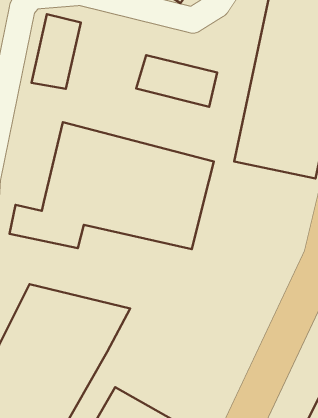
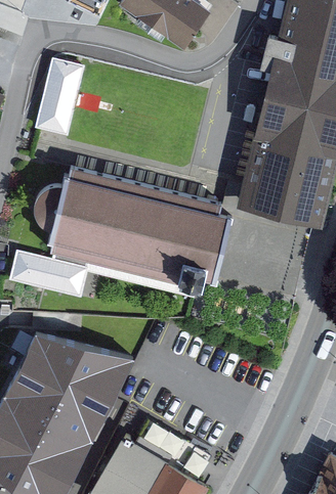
building: [136,55,217,107] -> none

